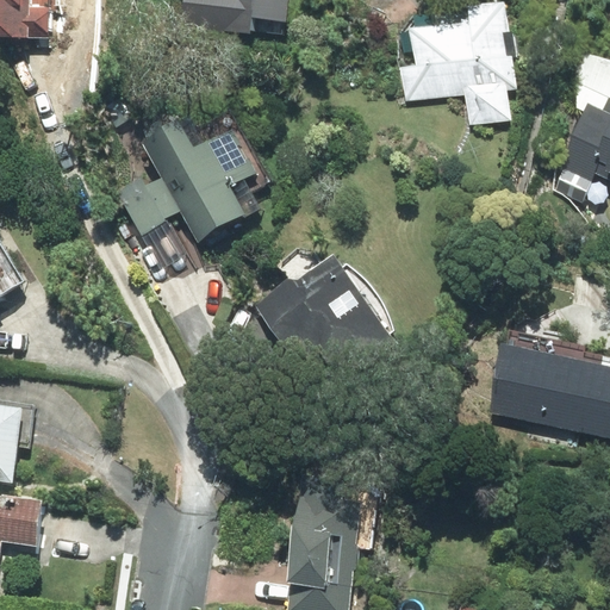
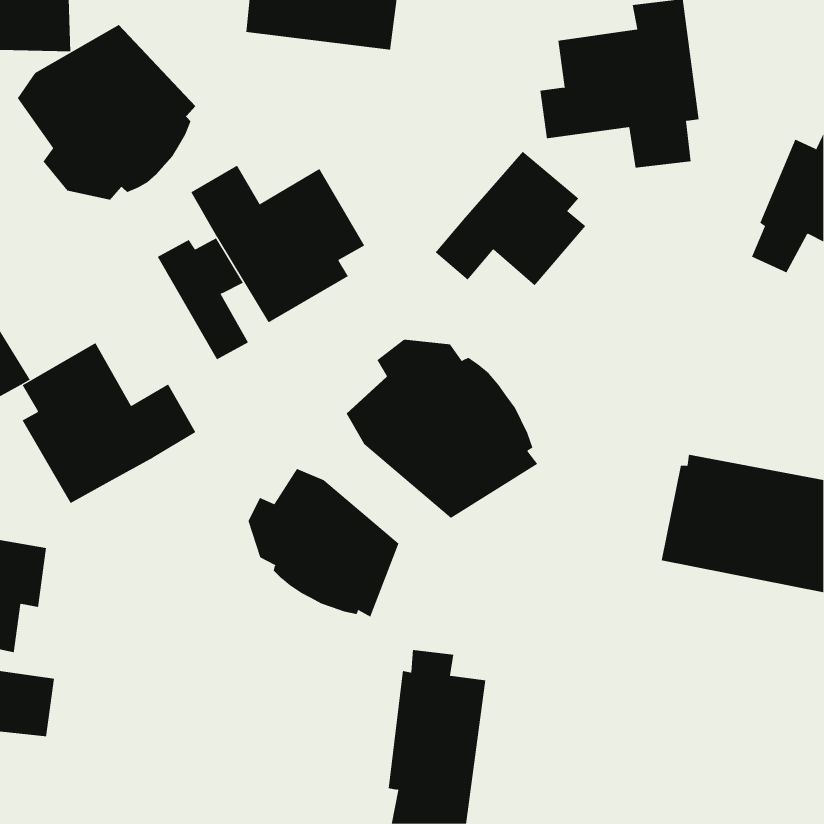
building: none -> [17,24,196,200]
building: none -> [435,151,586,286]
building: none -> [22,342,196,504]
building: none -> [248,468,399,618]

